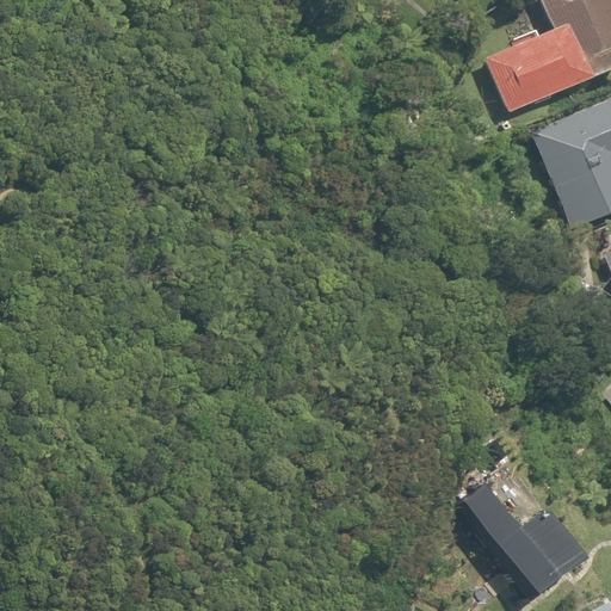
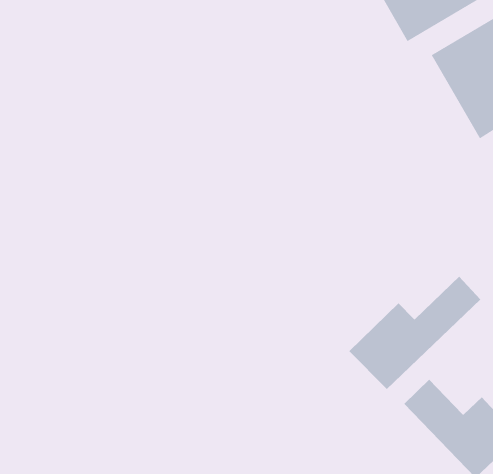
building: none -> [349,276,481,390]

